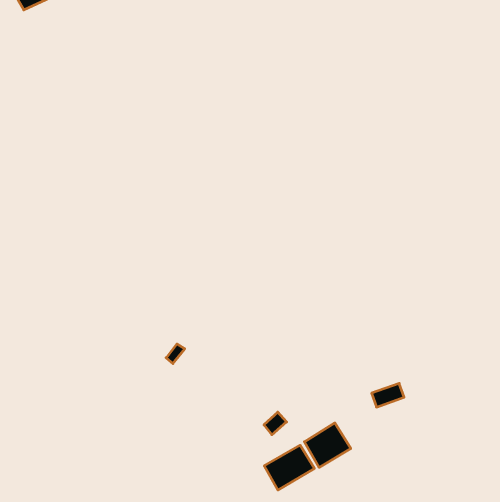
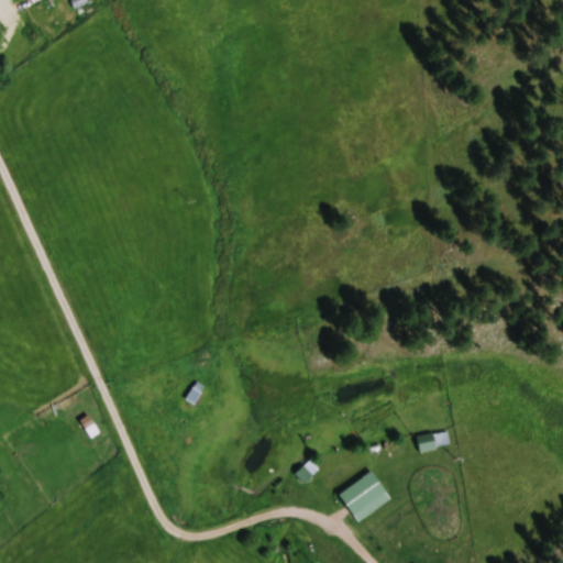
building: [264,445,314,490] -> none

